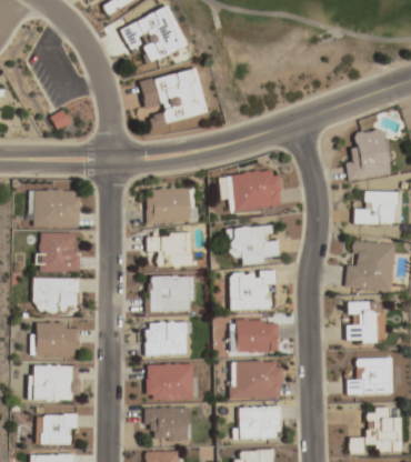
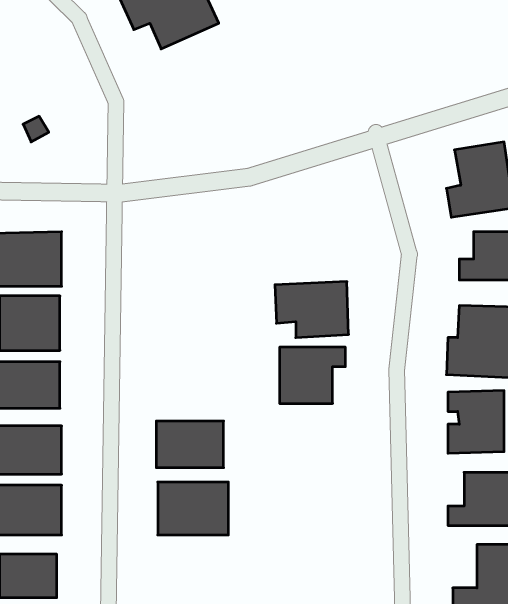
building: [139,67,208,127] -> none
building: [220,169,282,209] -> none
building: [144,185,198,223] -> none
building: [147,232,193,267] -> none
building: [146,274,194,311] -> none
building: [230,319,279,353] -> none
building: [230,361,281,400] -> none
building: [144,406,191,441] -> none
building: [234,406,281,439] -> none

